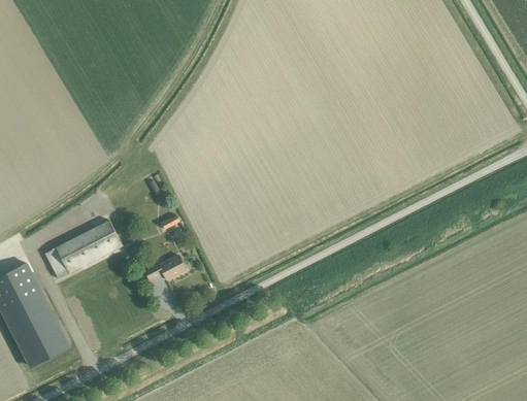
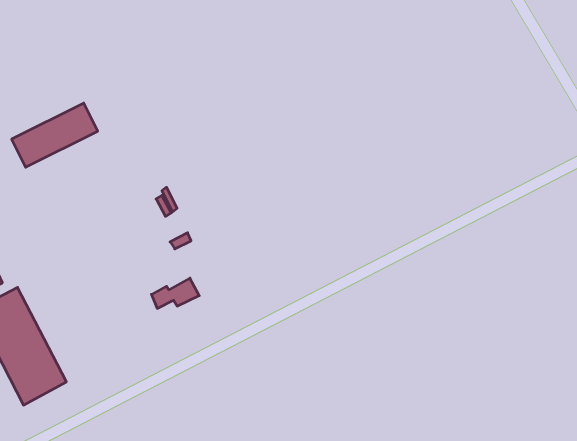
building: [45,220,122,276] -> [12,103,98,167]

